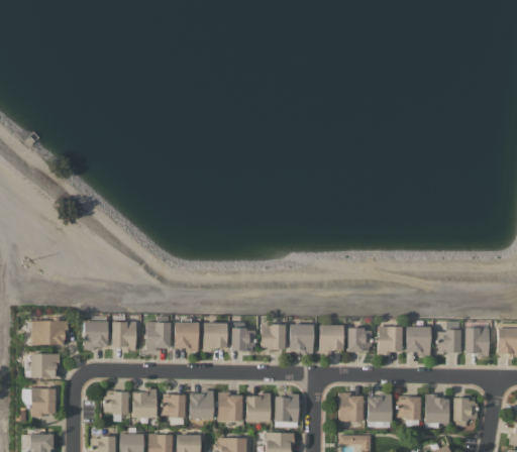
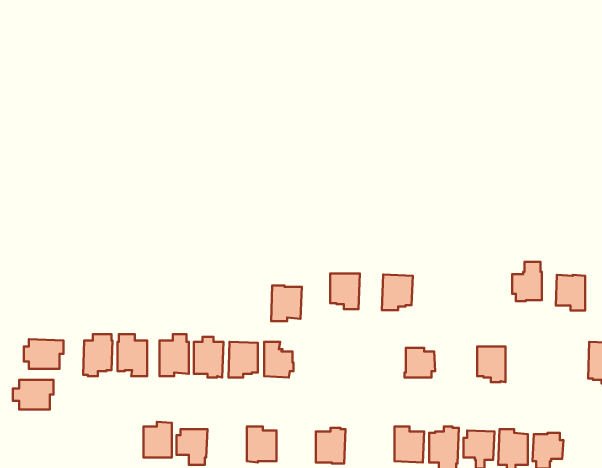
building: [436,322,460,354] -> [512,262,542,301]
building: [261,324,286,353] -> [271,286,302,321]
building: [290,325,314,354] -> [330,273,360,309]
building: [319,325,344,354] -> [382,274,413,310]
building: [379,327,402,355] -> none
building: [464,328,489,357] -> [556,275,585,310]
building: [31,388,56,418] -> none
building: [190,389,213,419] -> none
building: [104,391,128,415] -> none
building: [246,393,271,422] -> none

